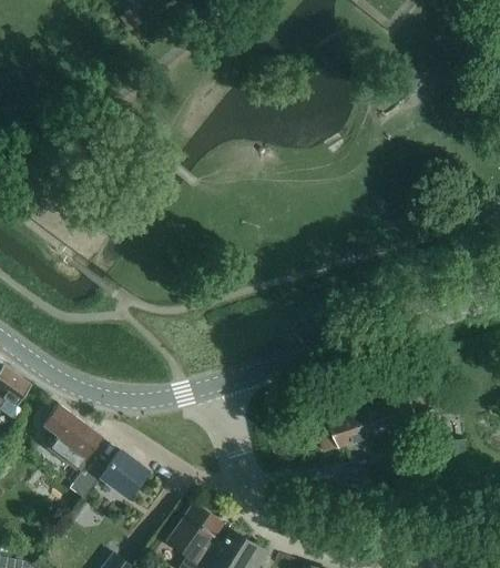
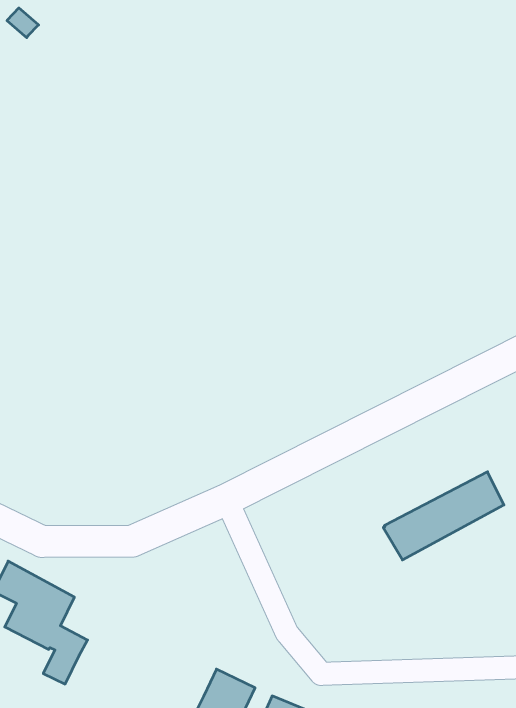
building: [98,450,147,498] -> none

